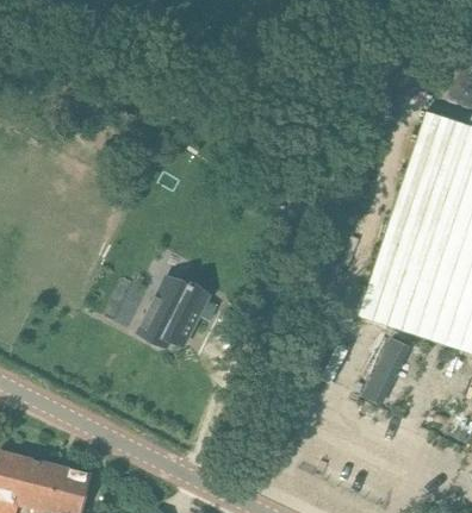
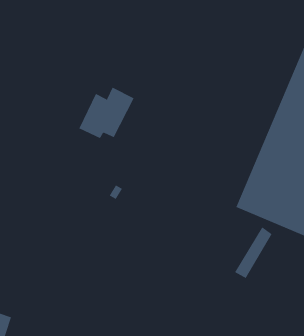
building: [131,284,198,350] -> [78,87,134,139]

